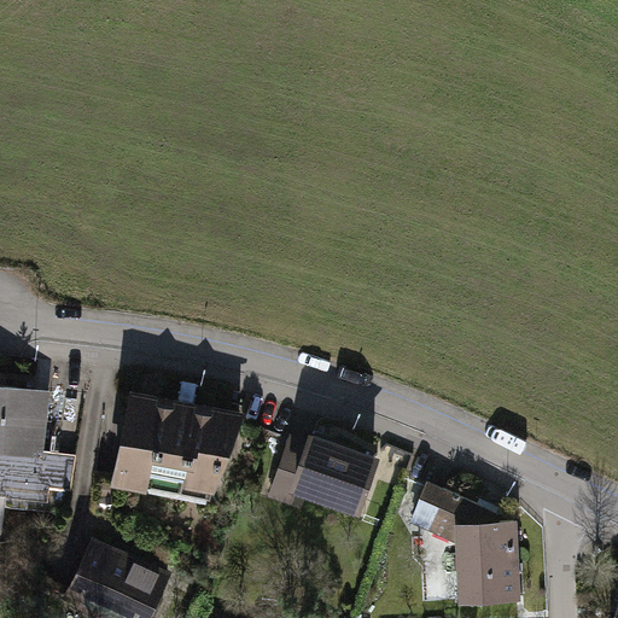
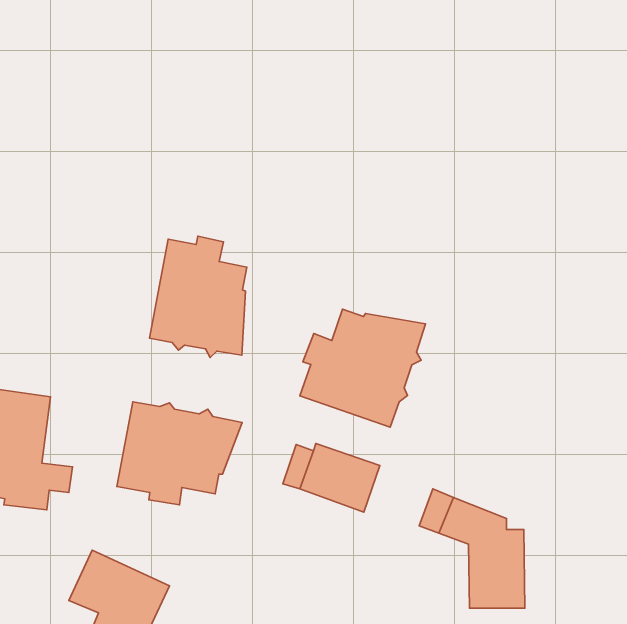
building: none -> [150,236,247,357]
building: none -> [300,309,425,427]

